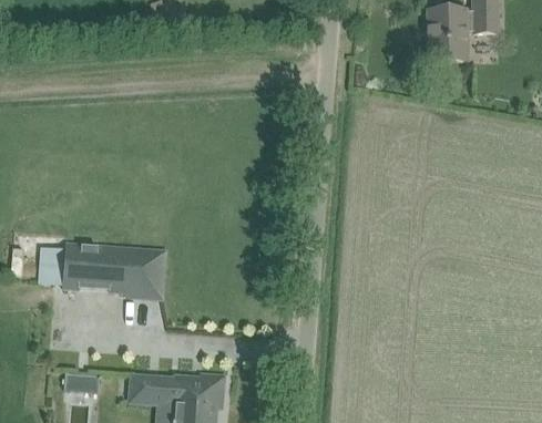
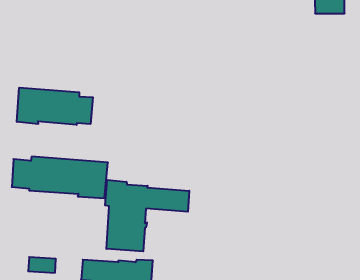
building: none -> [17,88,93,125]
building: none -> [105,180,189,251]

